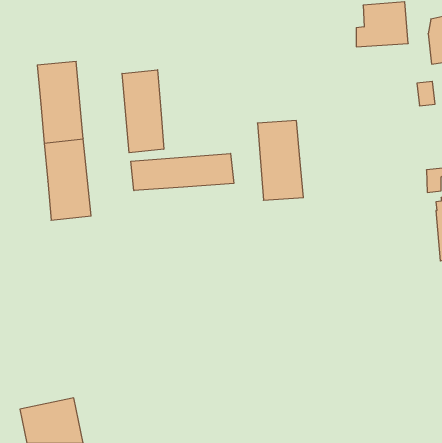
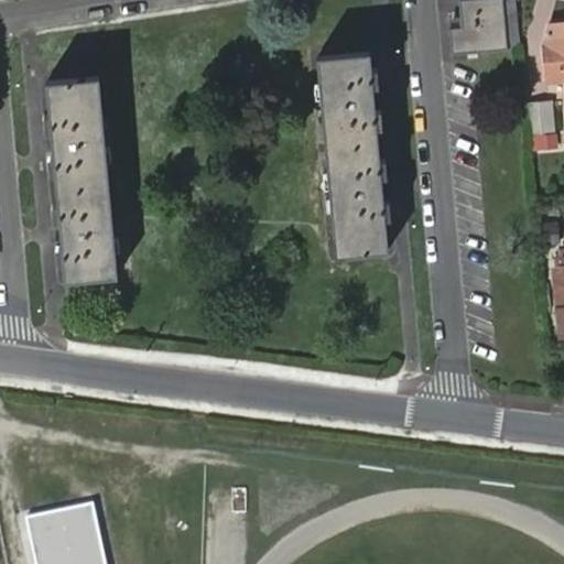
building: none -> [319,55,378,156]
building: [122,70,164,153] -> none
building: [131,153,234,191] -> none

